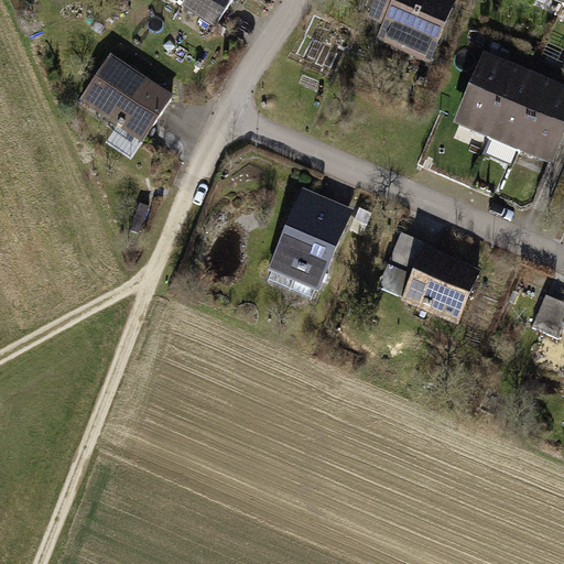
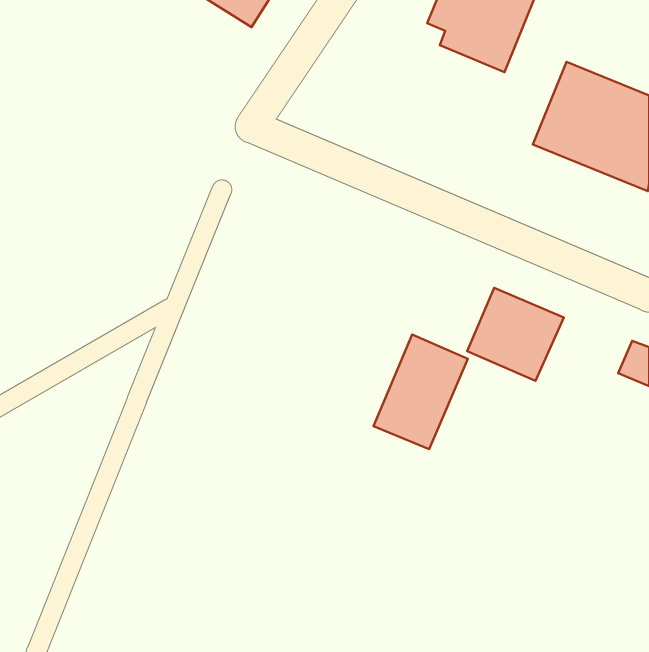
building: [78,50,174,139] -> none
building: [268,191,348,289] -> [374,334,468,449]
building: [382,230,421,272] -> none

